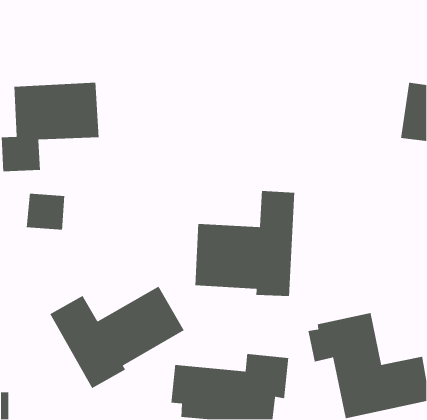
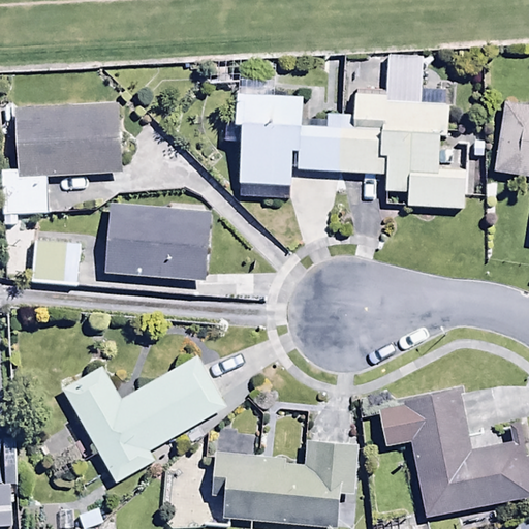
building: none -> [235,51,464,207]
building: none -> [104,204,210,280]
building: [194,190,295,297] -> none

